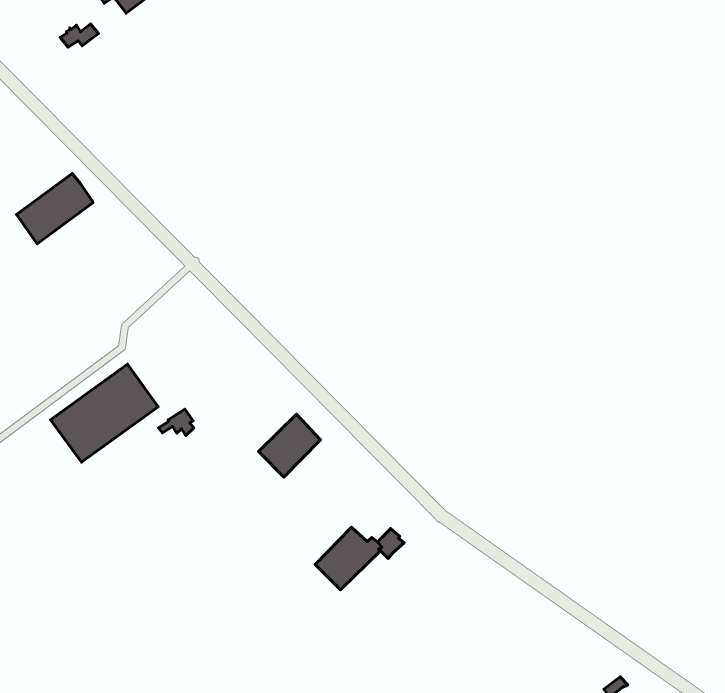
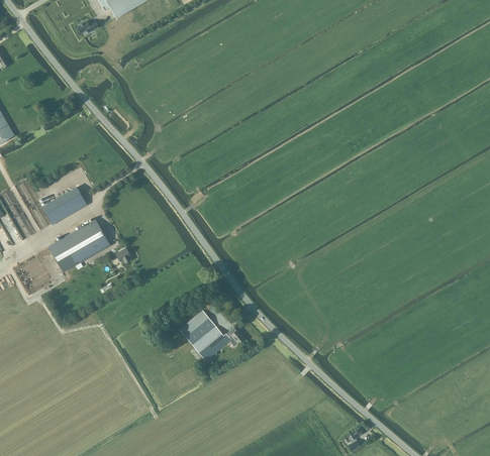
building: [17,174,93,244] -> [41,186,86,224]
building: [258,414,320,477] -> [178,309,214,344]

